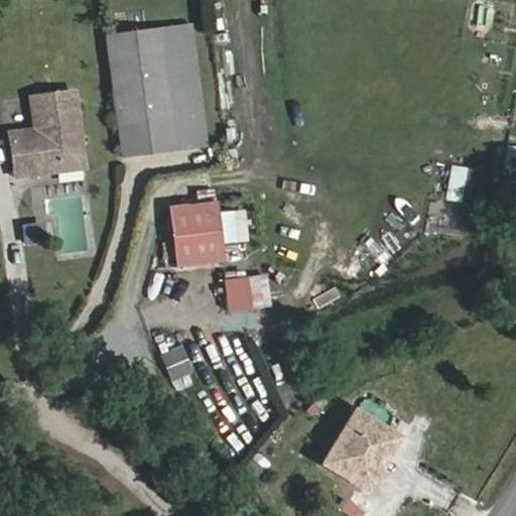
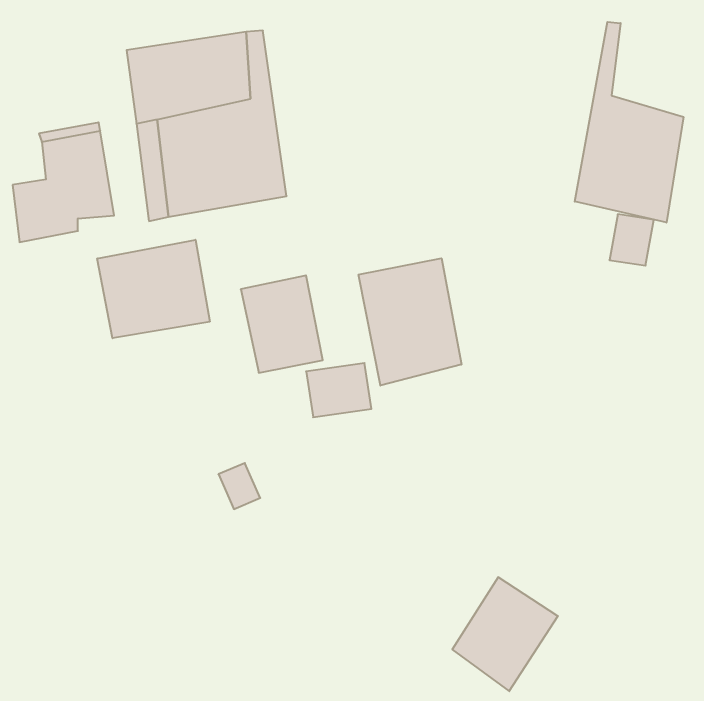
building: none -> [575,22,683,223]
building: none -> [97,240,210,338]
building: none -> [359,258,461,386]

